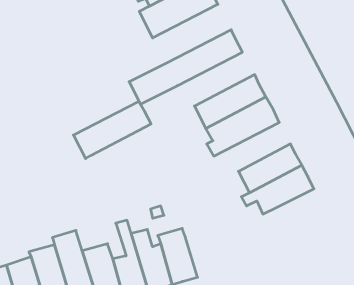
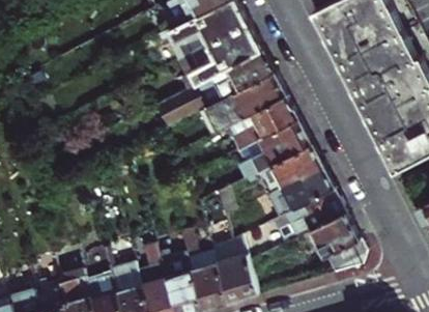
building: none -> [181,25,261,85]
building: [73,102,151,159] -> [206,74,285,132]
building: none -> [244,145,321,202]
building: none -> [308,212,365,273]
building: none -> [214,252,256,303]

